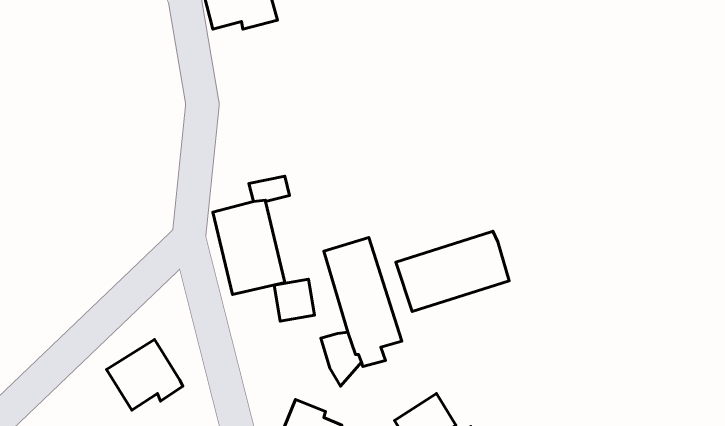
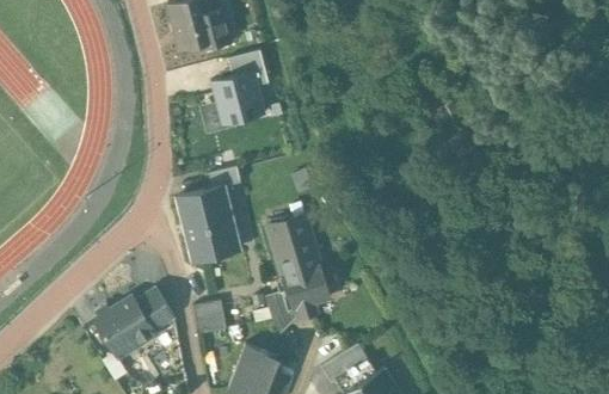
building: none -> [204,67,266,131]
building: [396,231,509,312] -> none
building: [274,279,315,321] -> [193,301,226,334]
building: none -> [135,288,173,330]

